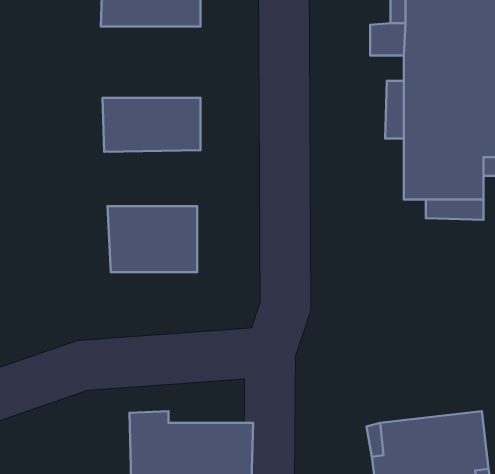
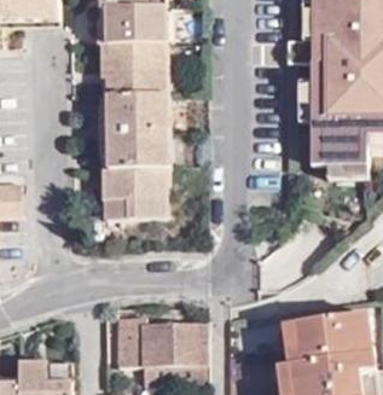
building: none -> [101,41,163,92]
building: none -> [99,129,168,169]

